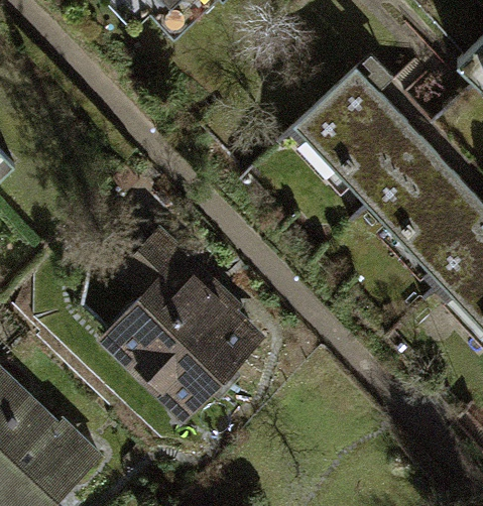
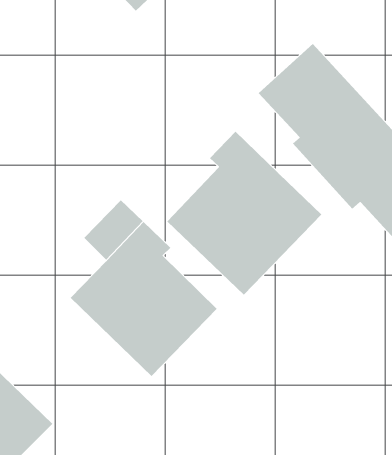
building: none -> [167,131,322,295]

